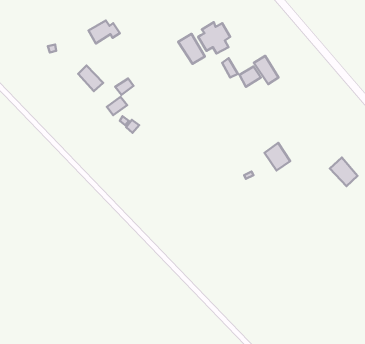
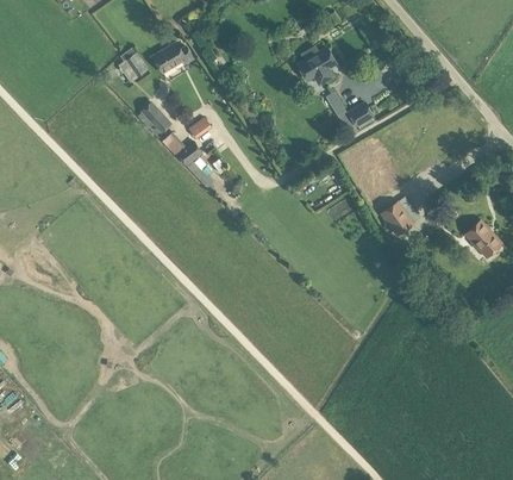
building: none -> [119,48,148,82]
building: [178,34,205,64] -> none
building: [254,56,278,84] -> none

